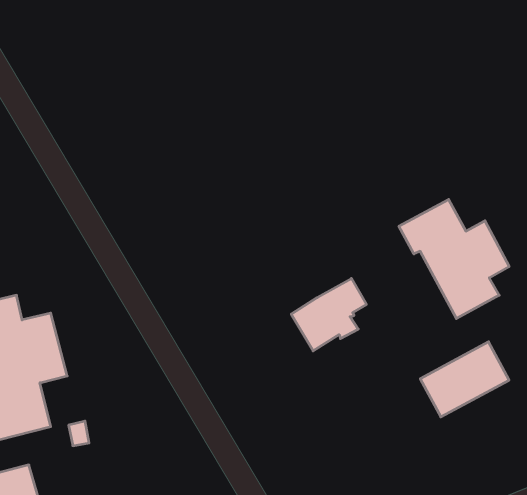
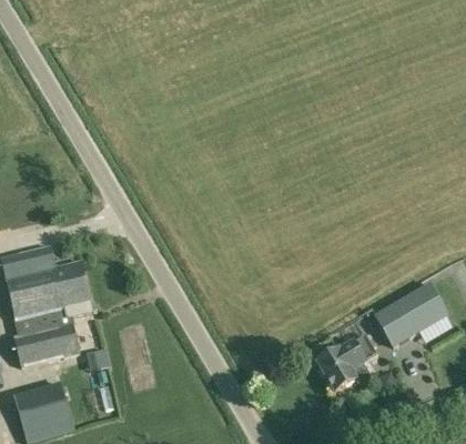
building: [399,199,509,319] -> none
building: [291,278,366,351] -> [315,333,376,392]

